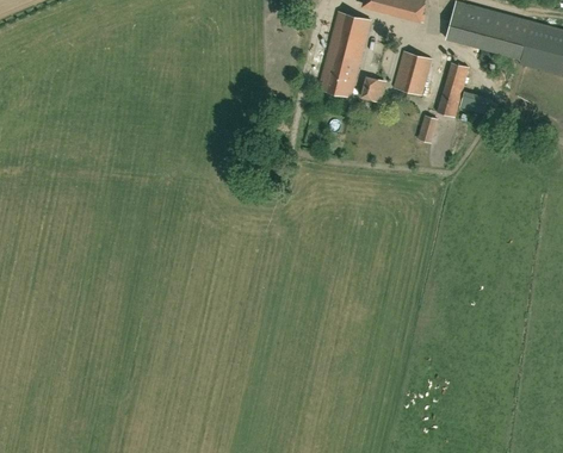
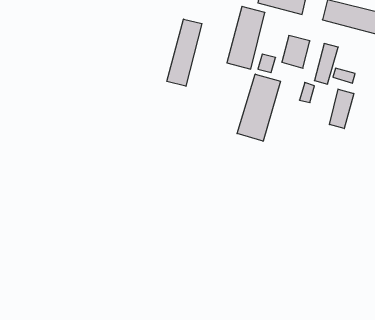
building: none -> [167,19,202,86]
building: none -> [237,74,280,141]
building: none -> [329,89,354,129]

